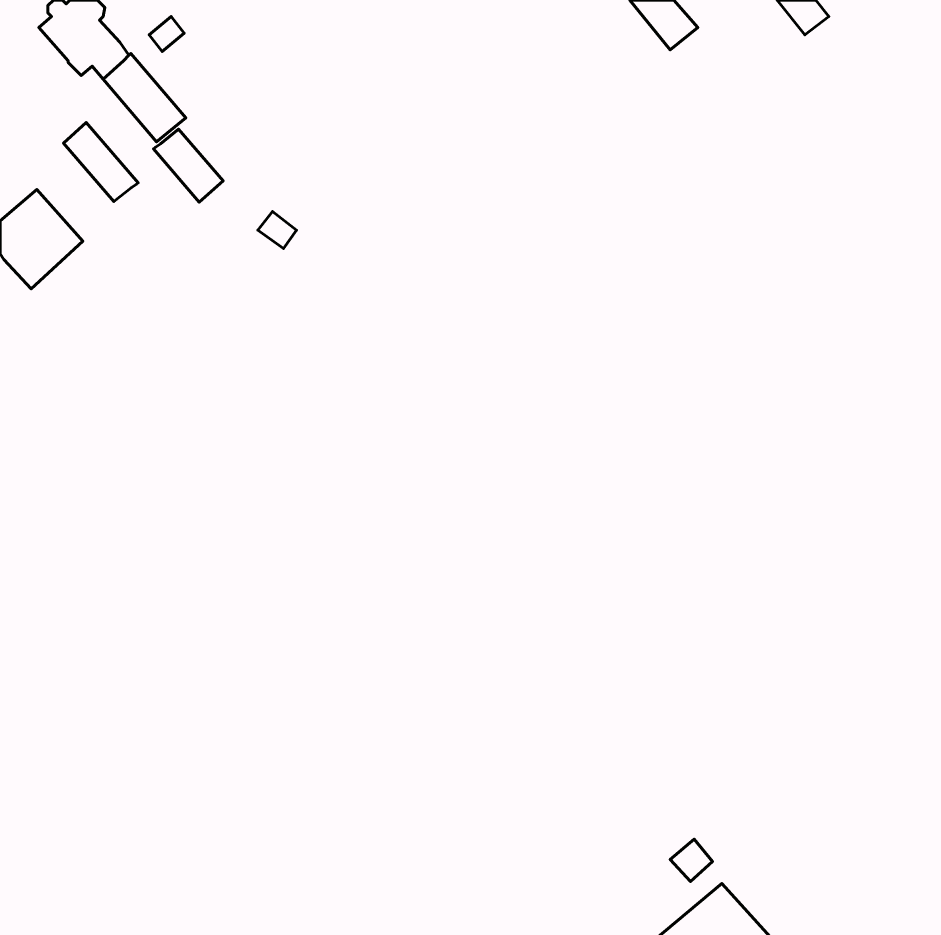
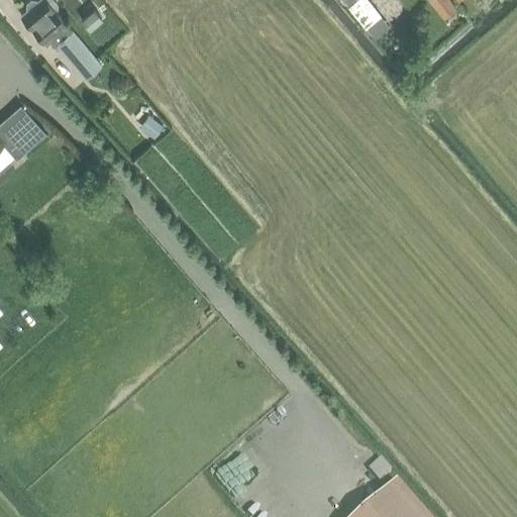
building: [64,122,138,202] -> none
building: [154,129,223,202] -> none

